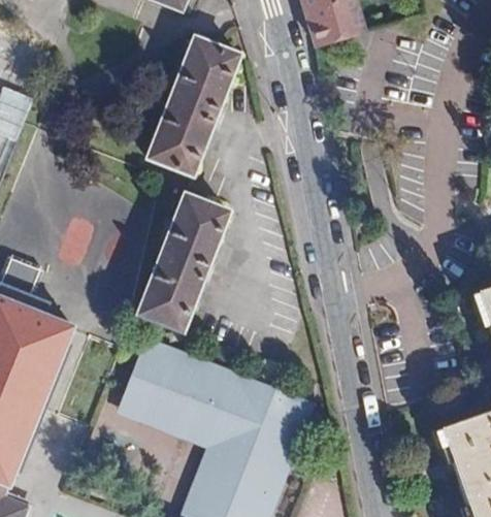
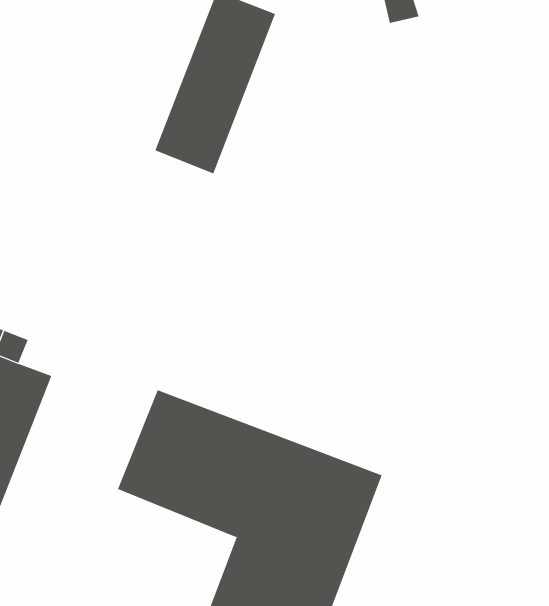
building: [138,195,229,333] -> none

